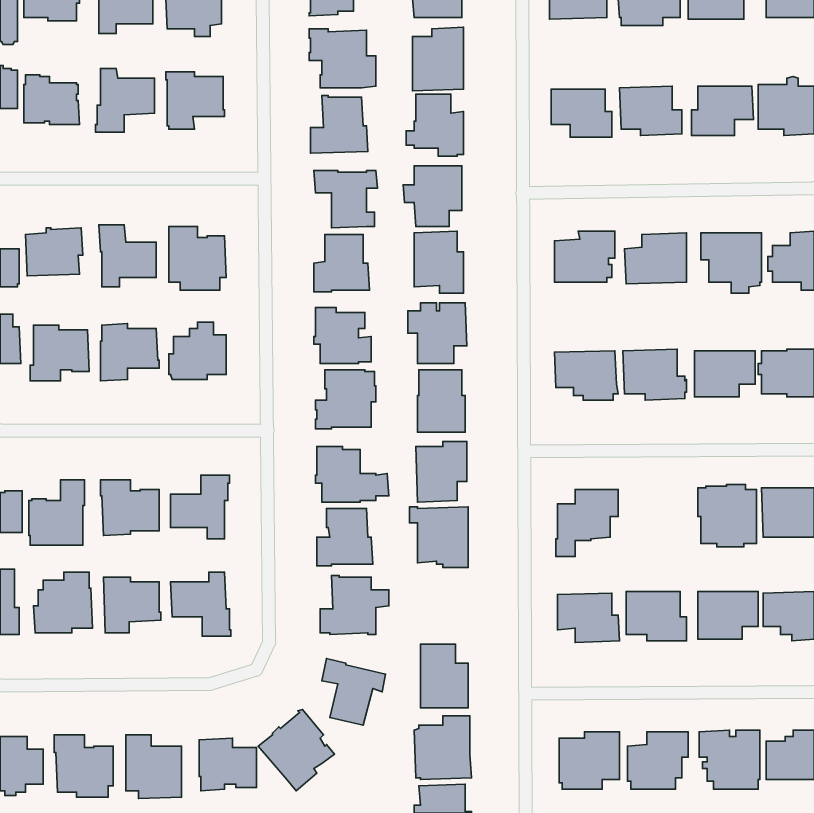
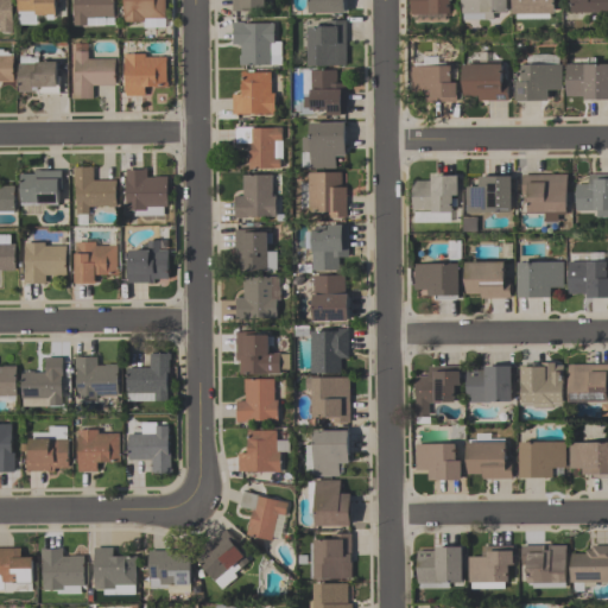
building: none -> [467,365,512,403]
building: none -> [312,431,348,476]

